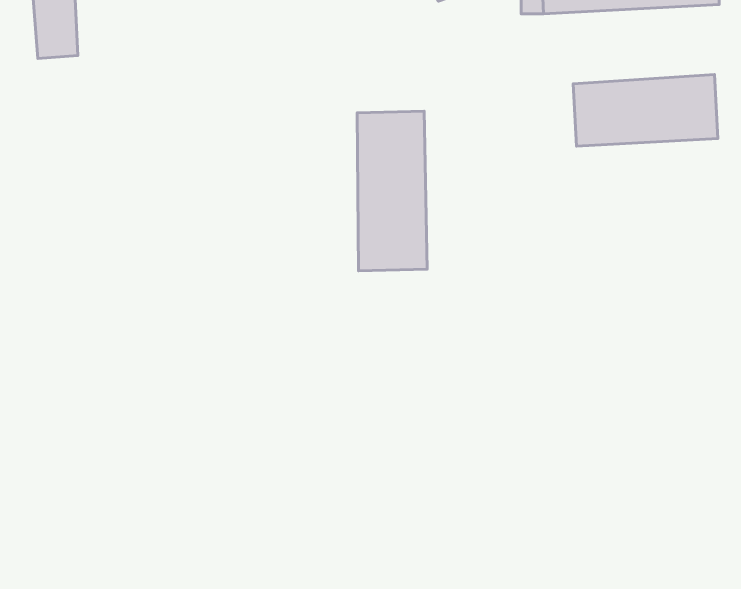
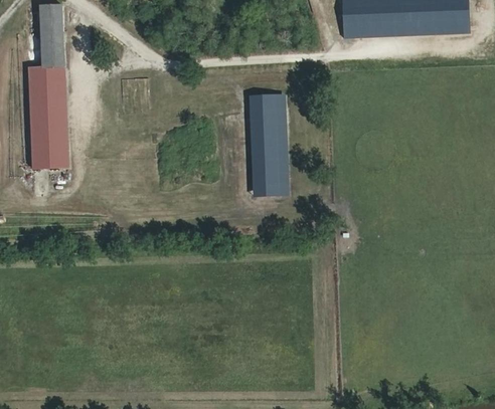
building: none -> [29,63,73,175]
building: [573,74,718,146] -> none

